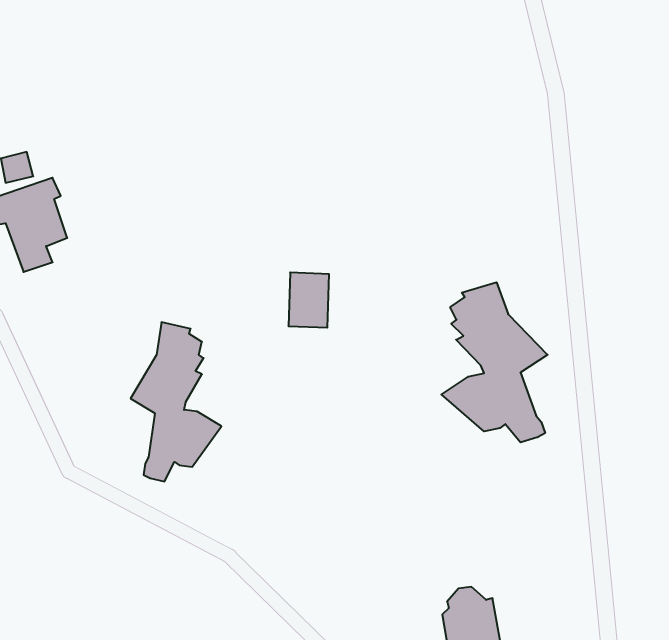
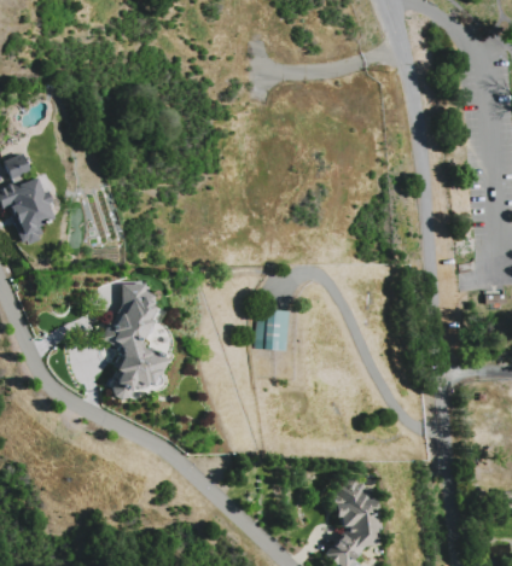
building: [288,272,329,328] -> [260,309,290,350]
building: [441,282,548,442] -> none

